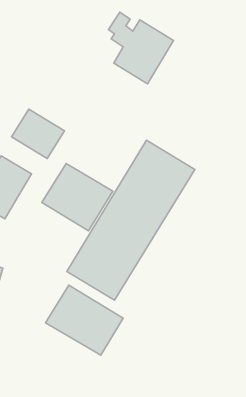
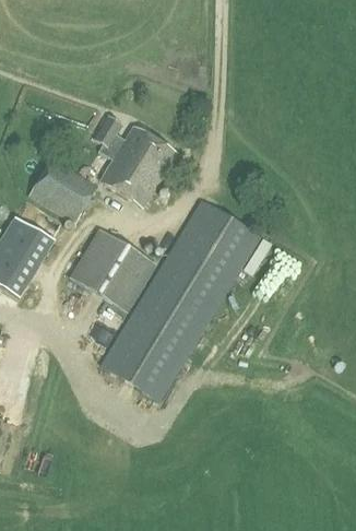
building: [109,12,173,84] -> [94,116,176,206]
building: [45,285,123,355] -> none

